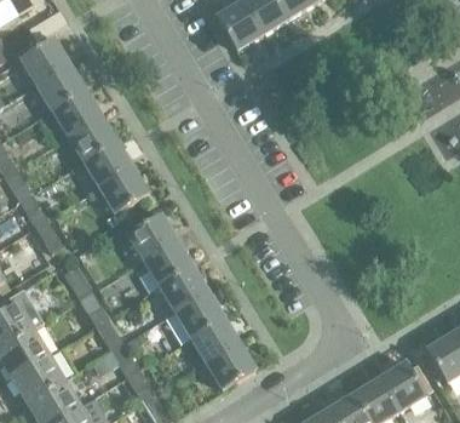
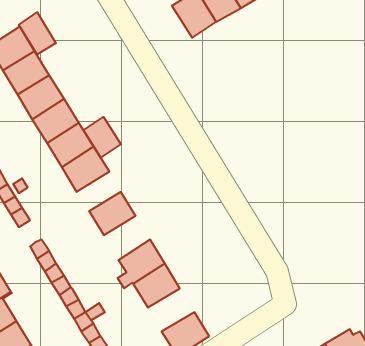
building: none -> [19,12,56,55]
building: none -> [83,117,121,157]
building: [133,240,192,292] -> none
building: [190,318,240,364] -> none

